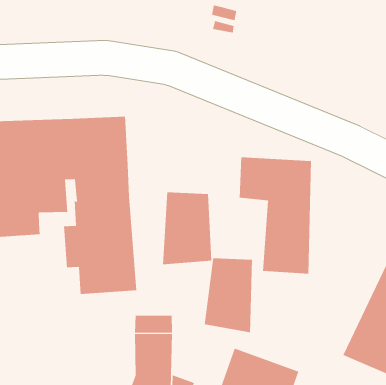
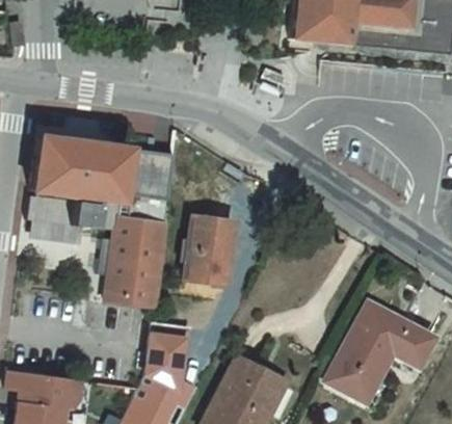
building: [239,156,312,274] -> none
building: [204,257,252,333] -> none

